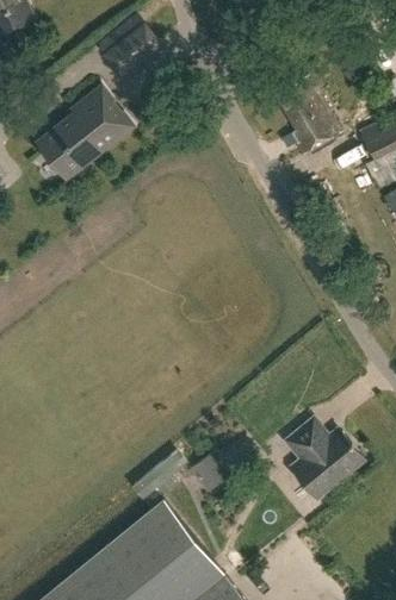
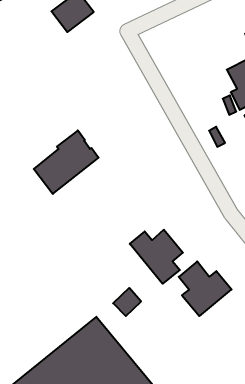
building: [274,76,341,155] -> none
building: [36,88,132,182] -> [34,130,99,194]
building: none -> [130,230,183,284]

